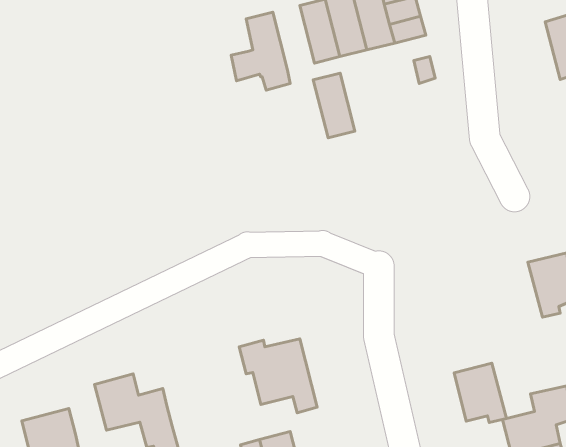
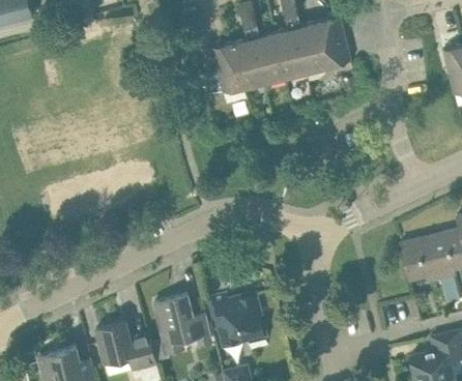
building: [313,73,355,138] -> [233,37,265,87]
building: none -> [151,295,211,361]
building: [454,363,506,422] -> [401,235,441,281]

